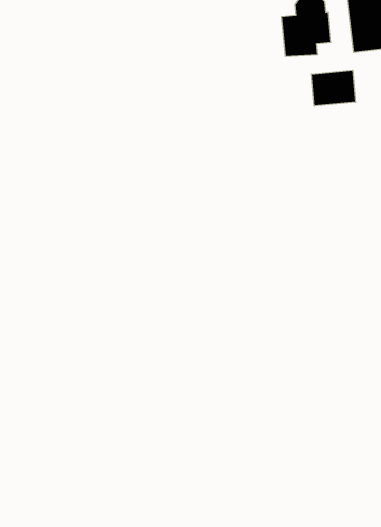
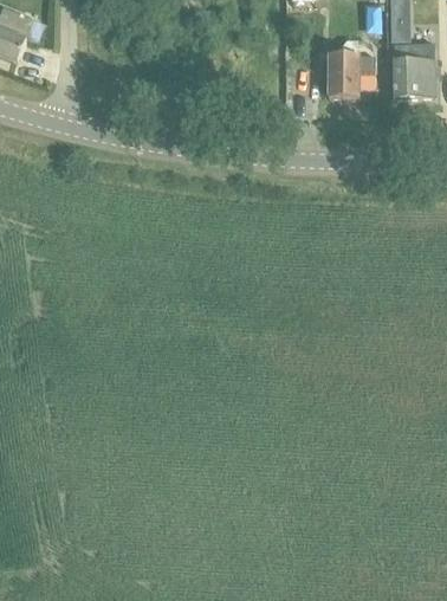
building: [312,70,356,106] -> none

